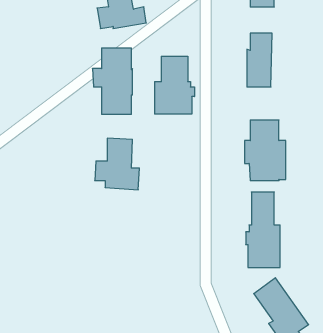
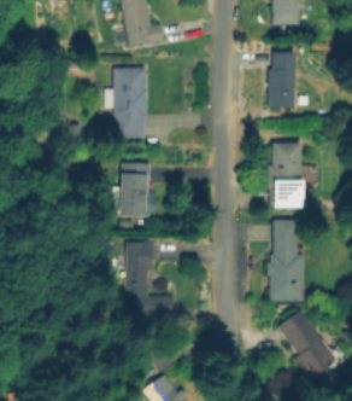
building: [155,56,194,114] -> none
building: none -> [128,239,175,313]

